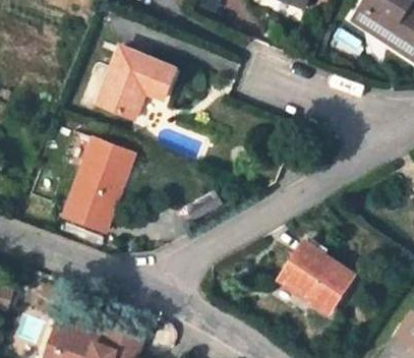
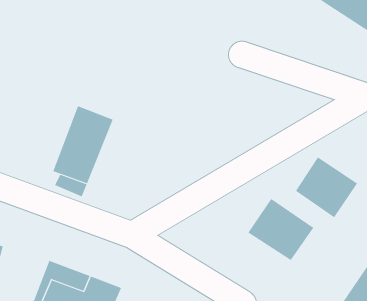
building: [97,48,173,118] -> none
building: none -> [295,157,358,218]

